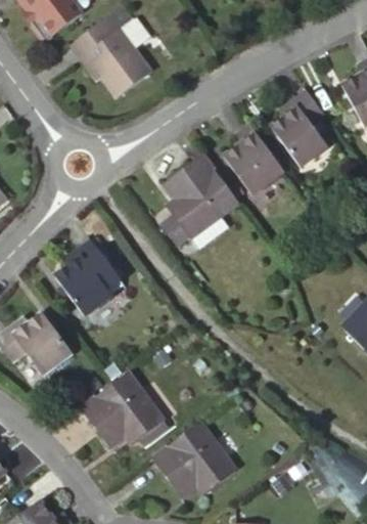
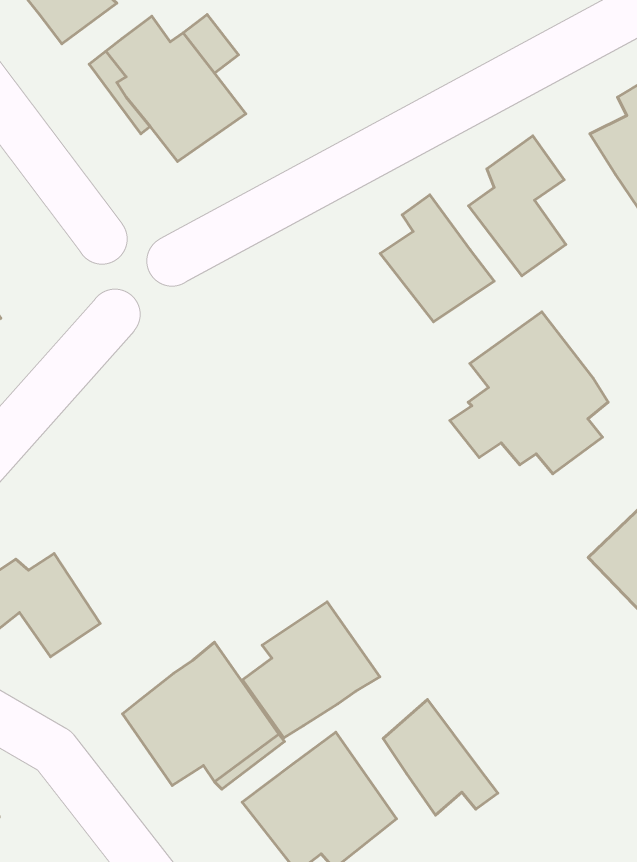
building: [153,150,241,241] -> [450,312,608,474]
building: [51,243,116,317] -> none
building: none -> [243,602,380,738]
building: none -> [383,700,498,815]

